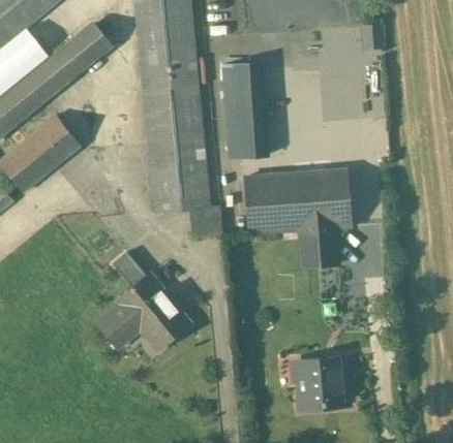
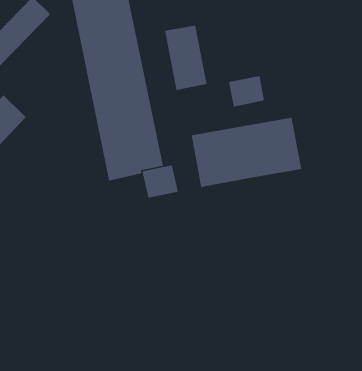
building: [232,127,267,157] -> [228,75,265,108]
building: [300,225,339,266] -> none
building: [96,252,189,349] -> none
building: [298,358,351,409] -> none

